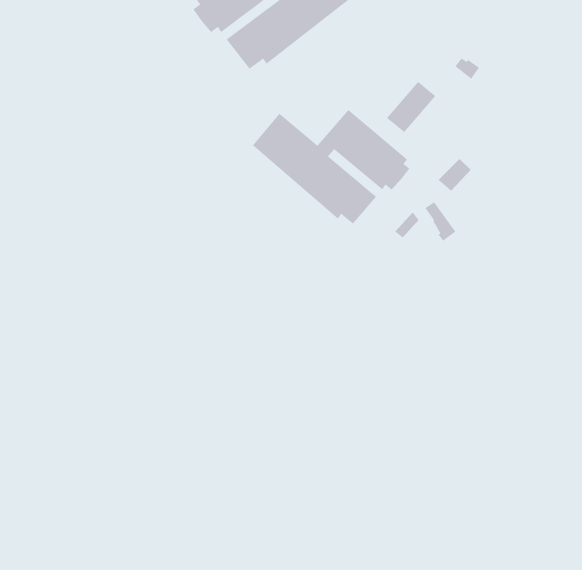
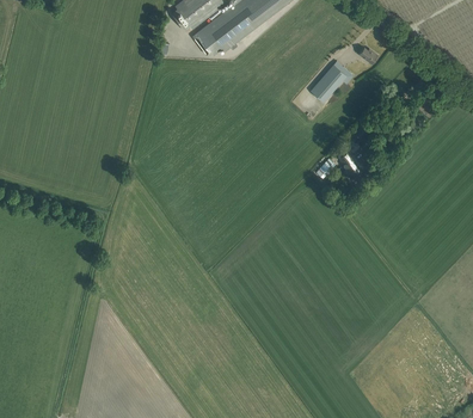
building: [252,109,410,224] -> none

